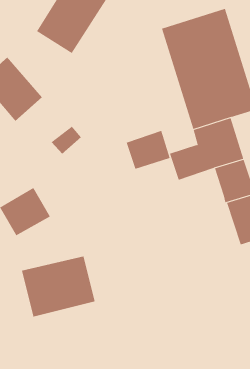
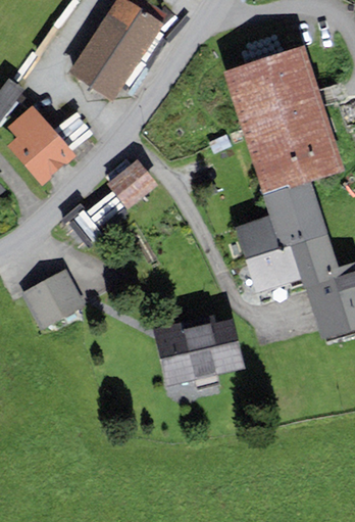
building: none -> [106,158,158,209]
building: [126,130,171,169] -> [245,244,301,293]
building: none -> [62,203,104,247]
building: [21,256,96,317] -> [153,311,246,387]

